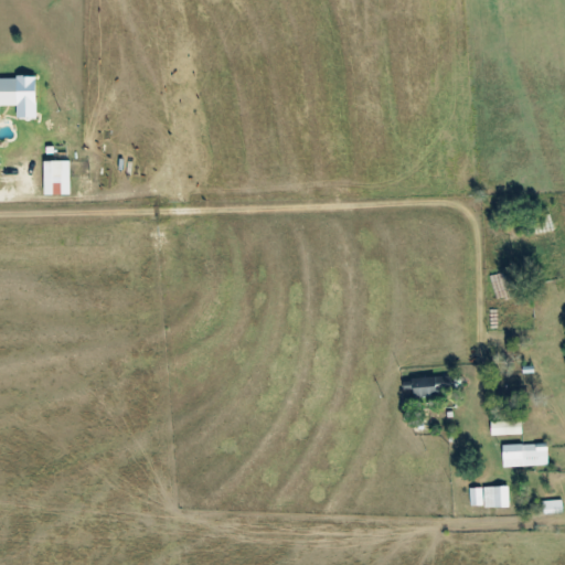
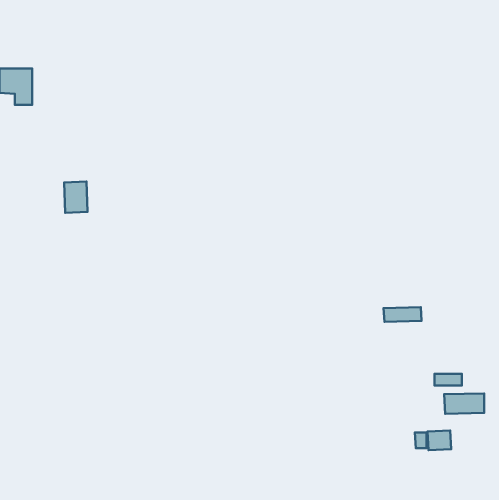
building: [43,160,70,195] -> [64,181,88,213]
building: [412,376,455,393] -> [383,307,422,322]

